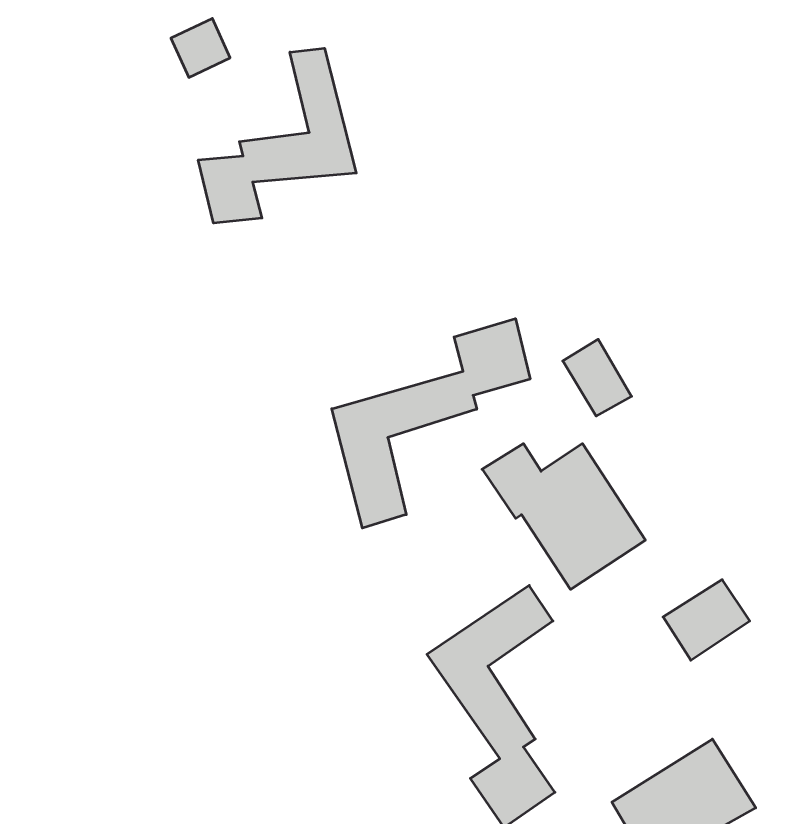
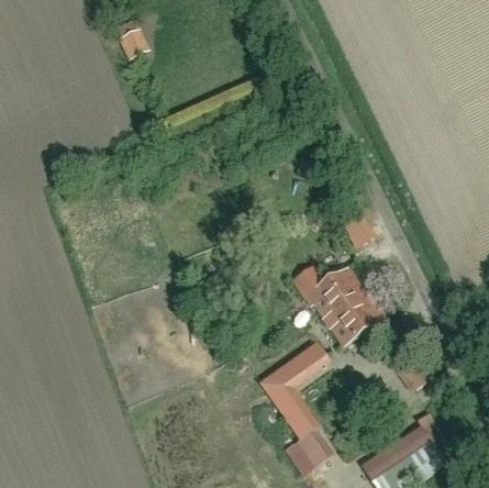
building: [198,48,356,223] -> none
building: [332,319,530,528] -> none

